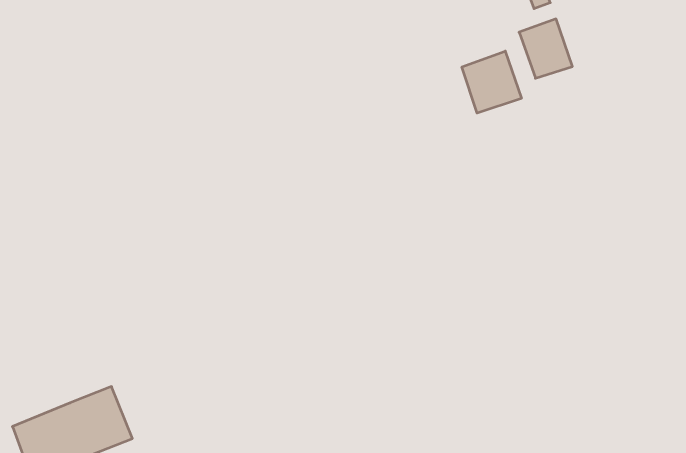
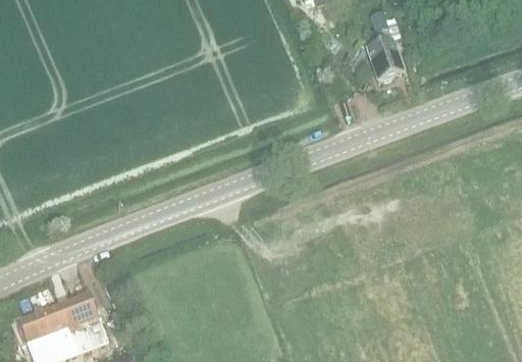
building: [462,51,521,113] -> none

